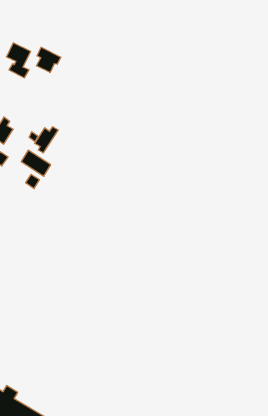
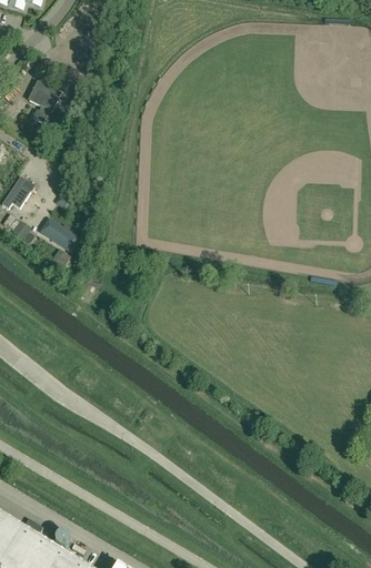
building: [37,47,61,73] -> none
building: [35,127,58,153] -> none

